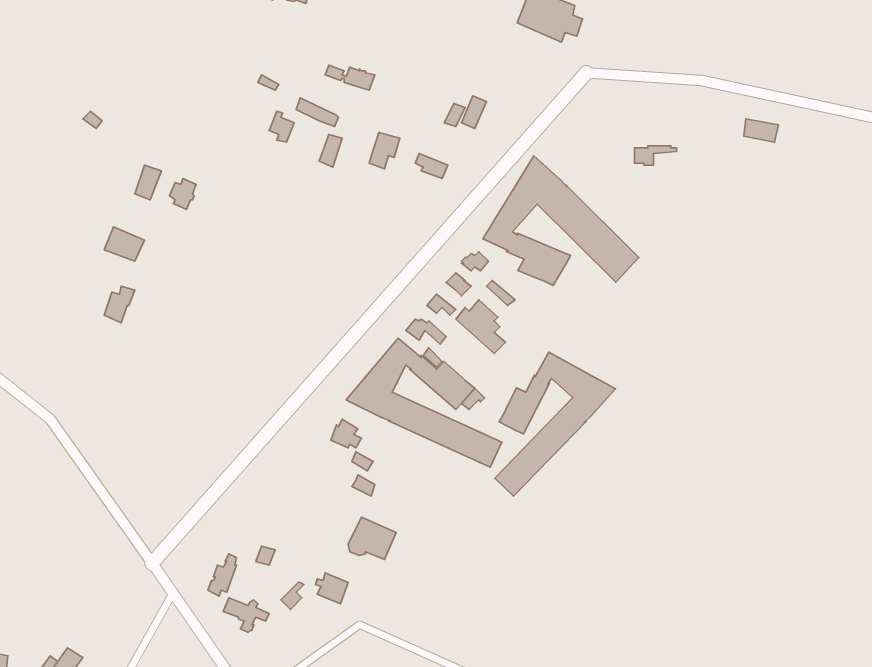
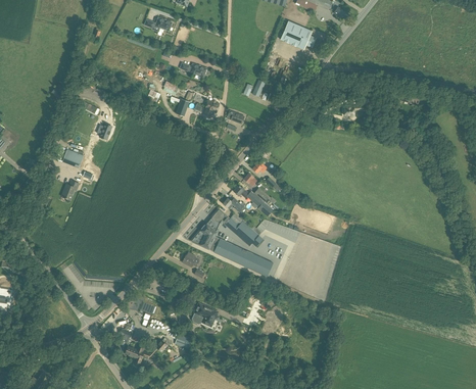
building: [483,156,639,285] -> none
building: [495,352,616,496] -> none

